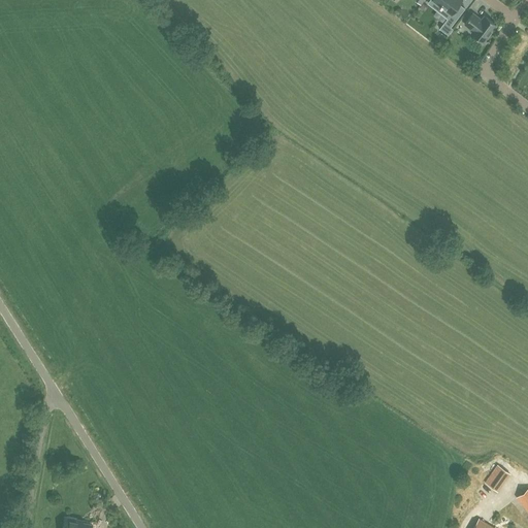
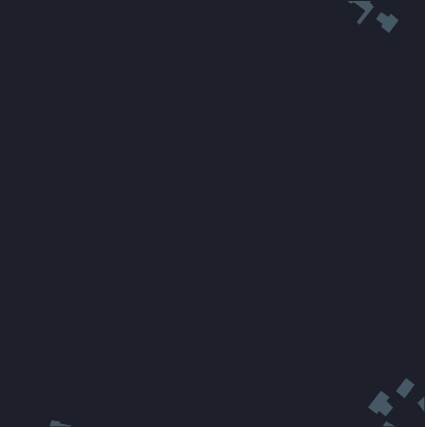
building: none -> [367,390,394,418]

